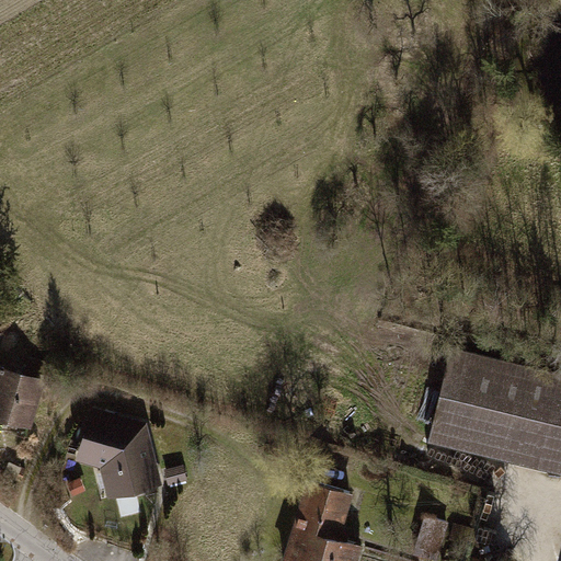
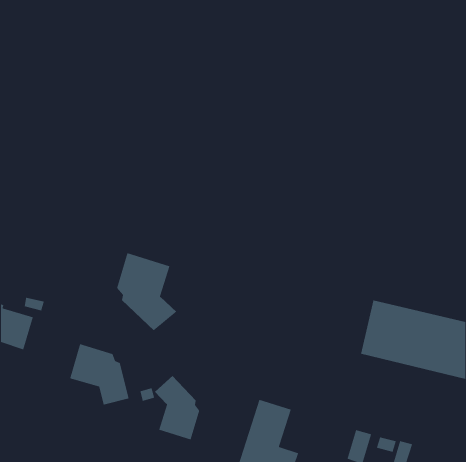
building: none -> [116,252,177,331]
building: none -> [154,375,200,441]

